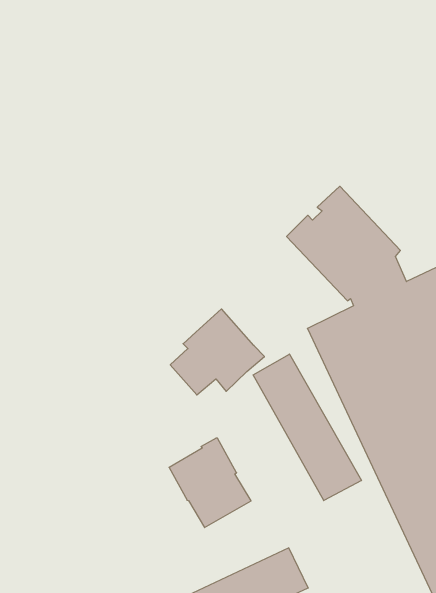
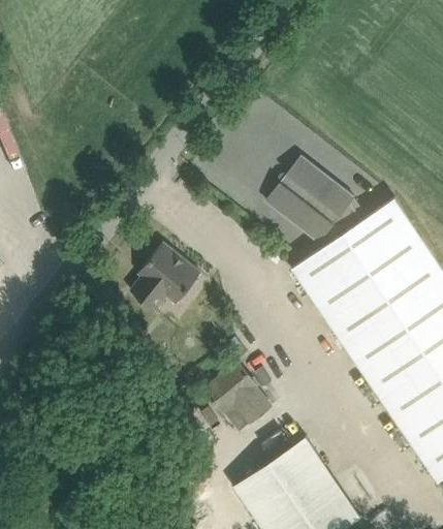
building: [170,309,264,395] -> [131,244,201,312]
building: [253,354,361,501] -> none

